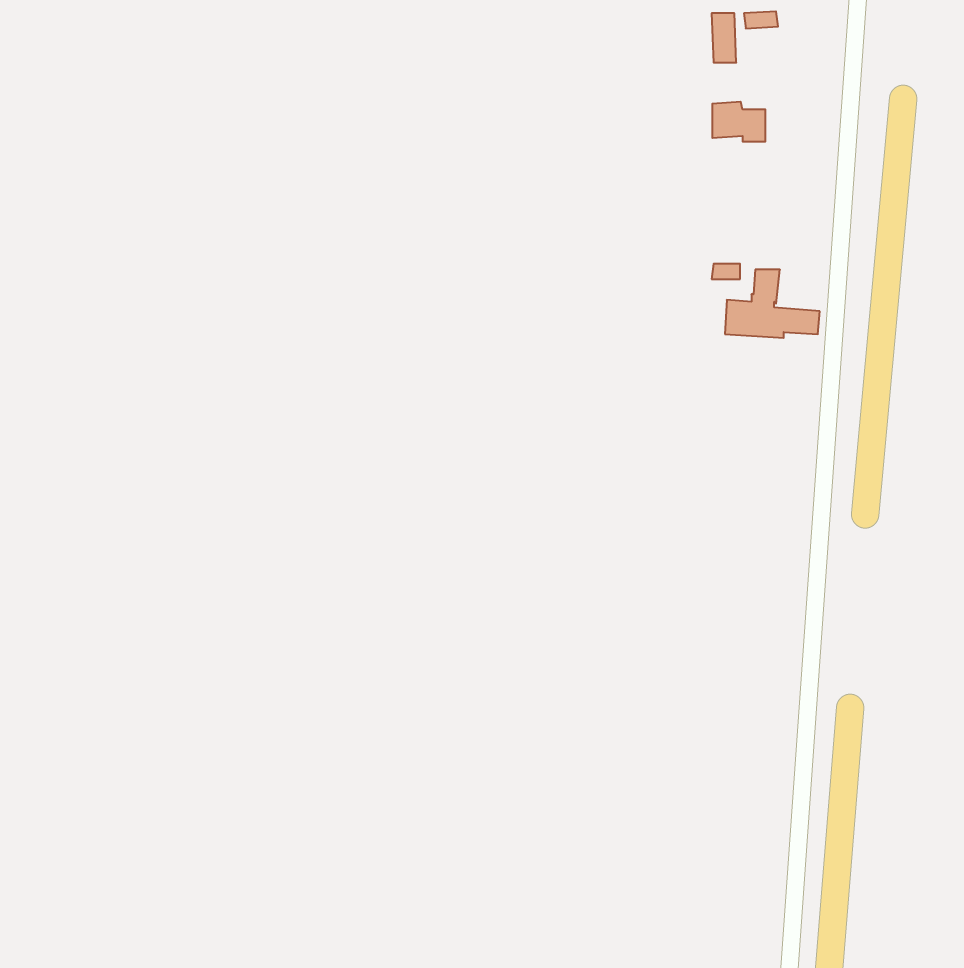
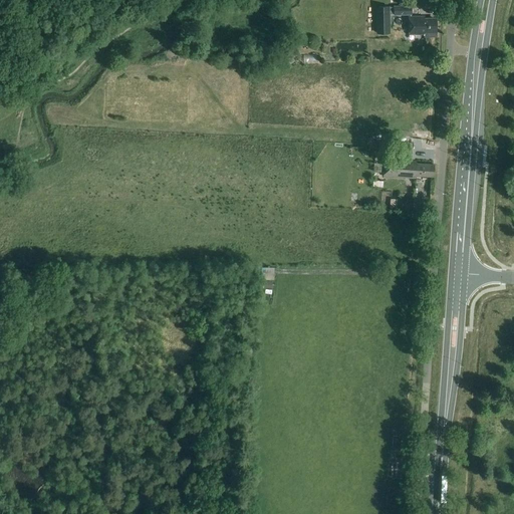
building: [712,102,765,142] -> [412,16,440,37]

